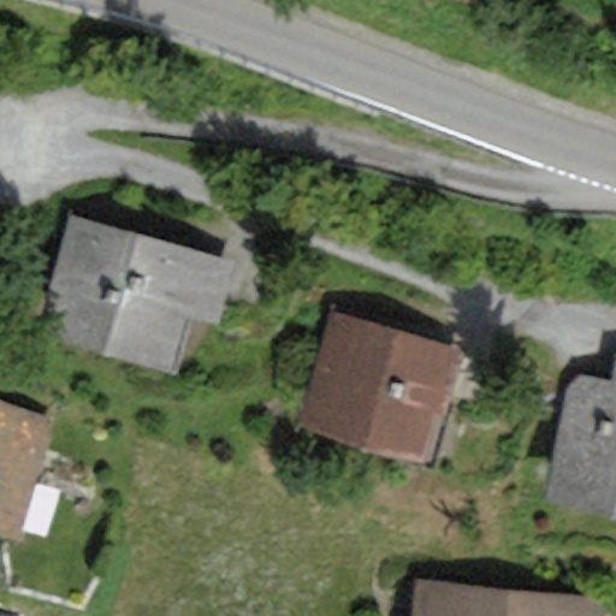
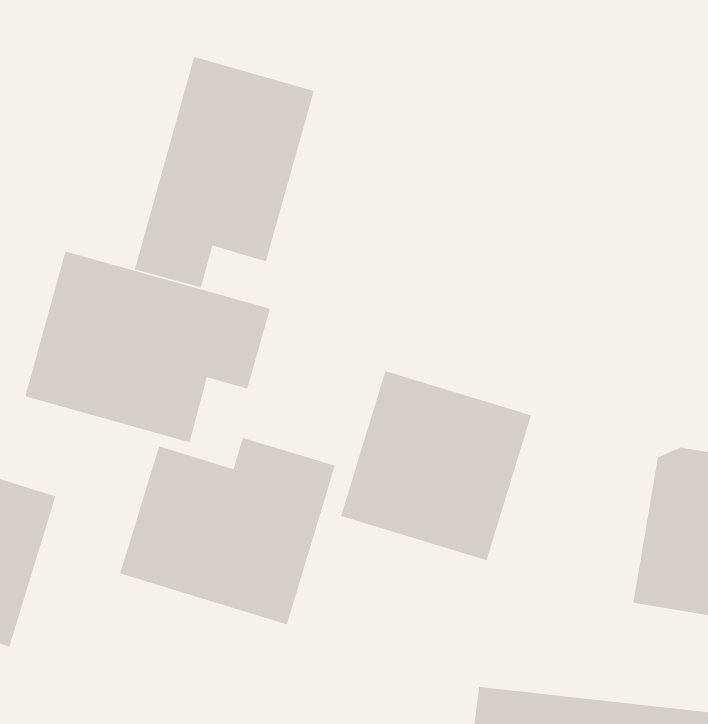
building: none -> [134,56,314,288]
building: none -> [120,437,336,625]

